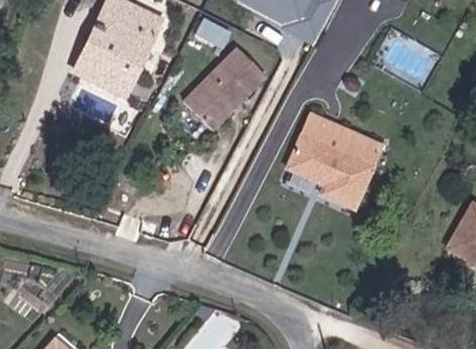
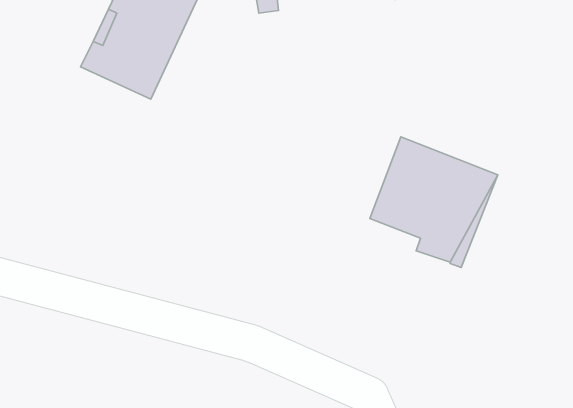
building: [186,43,267,129] -> none

